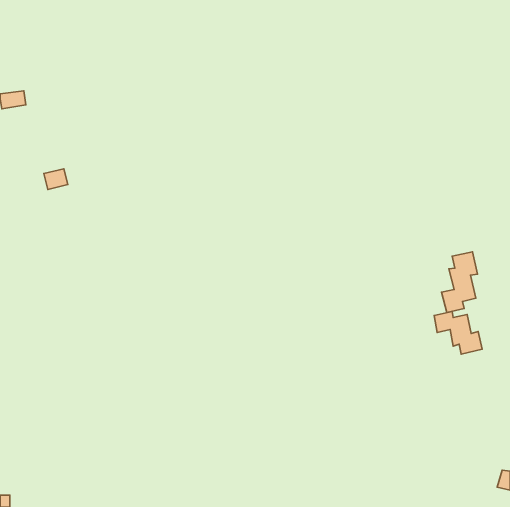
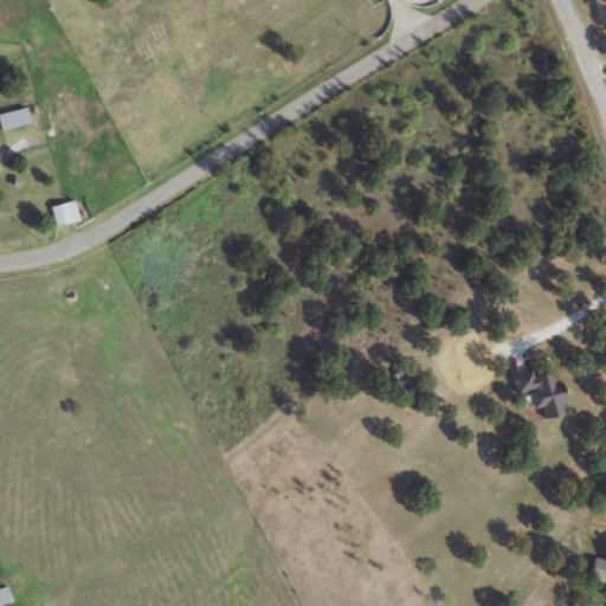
building: [441,252,478,313] -> none

